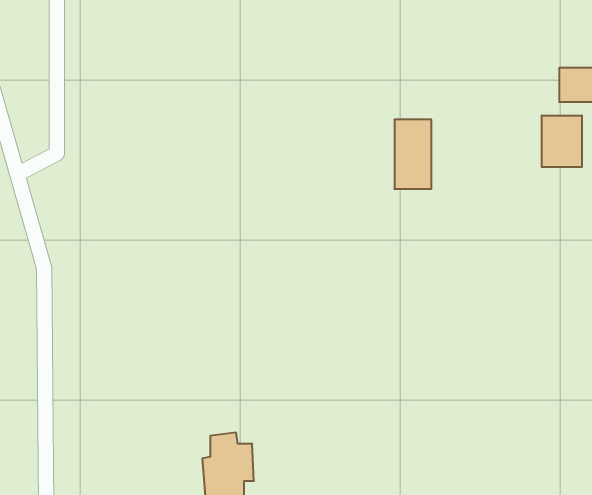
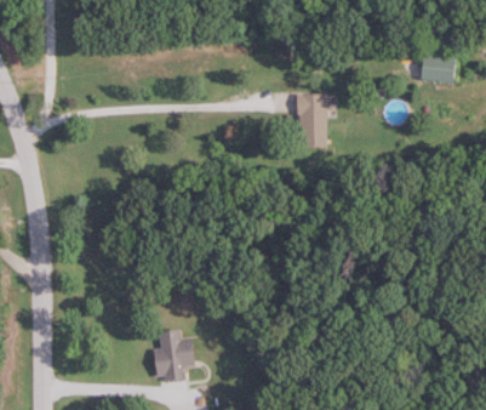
building: [542,115,582,167] -> none

